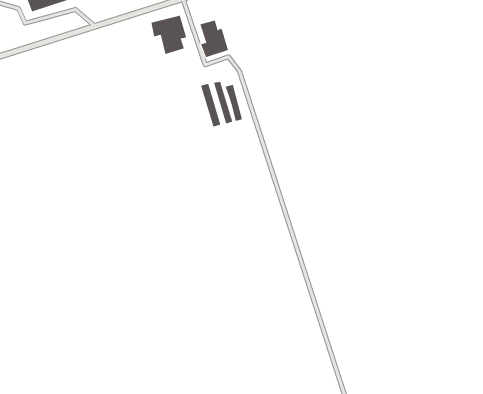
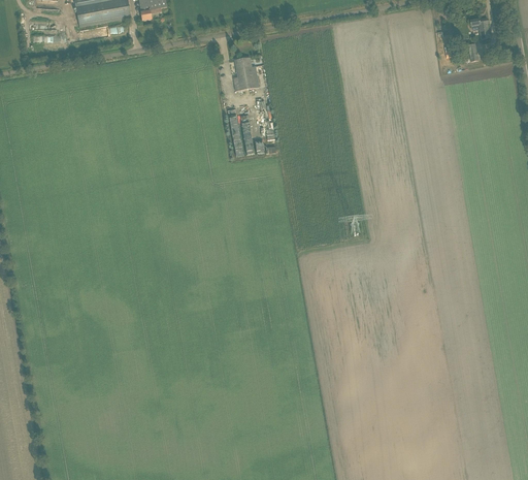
building: [151,15,187,55] -> none

